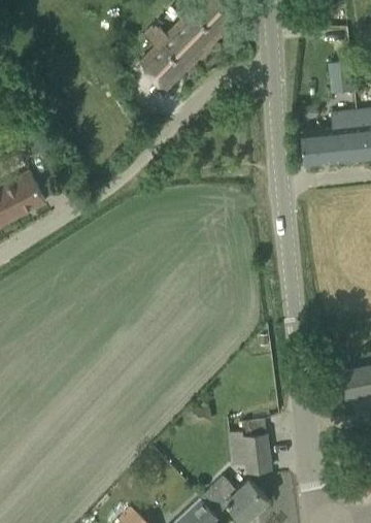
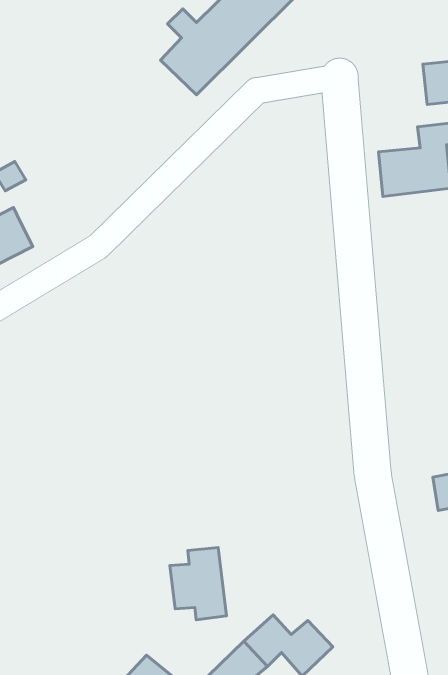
building: [228,420,270,473] -> [170,548,227,620]

